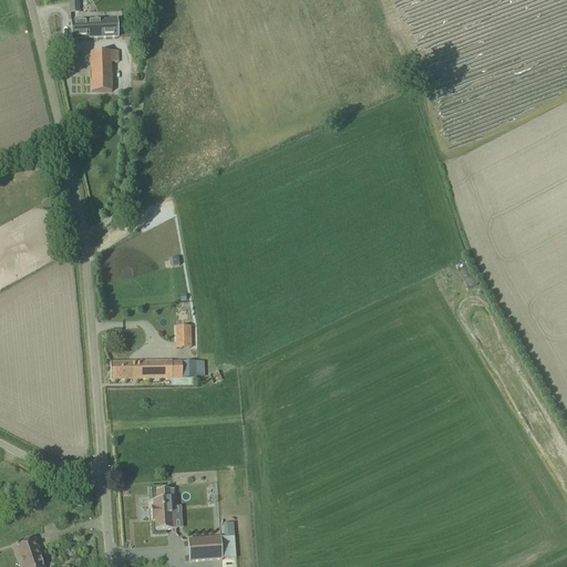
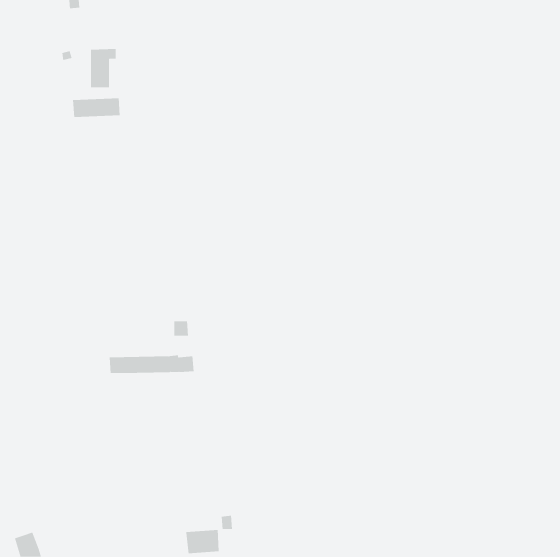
building: [71,16,120,35] -> [72,98,121,118]
building: [152,486,175,527] -> none

